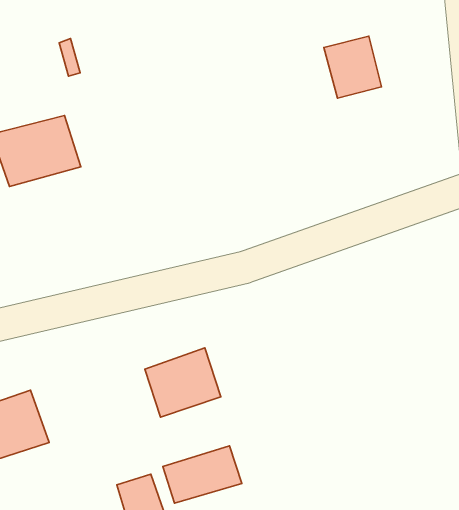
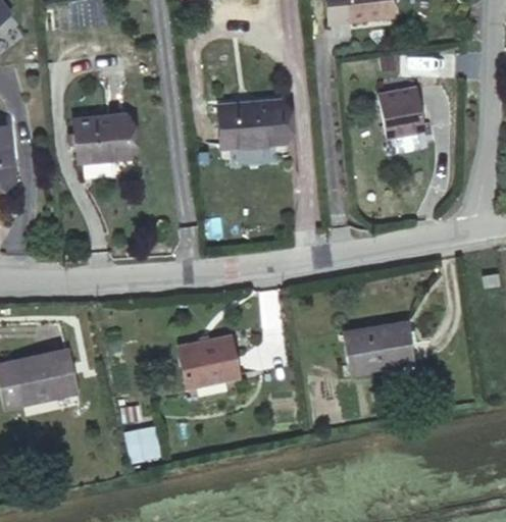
building: none -> [208,93,283,148]
building: none -> [345,324,417,379]
building: [163,446,242,503] -> none

